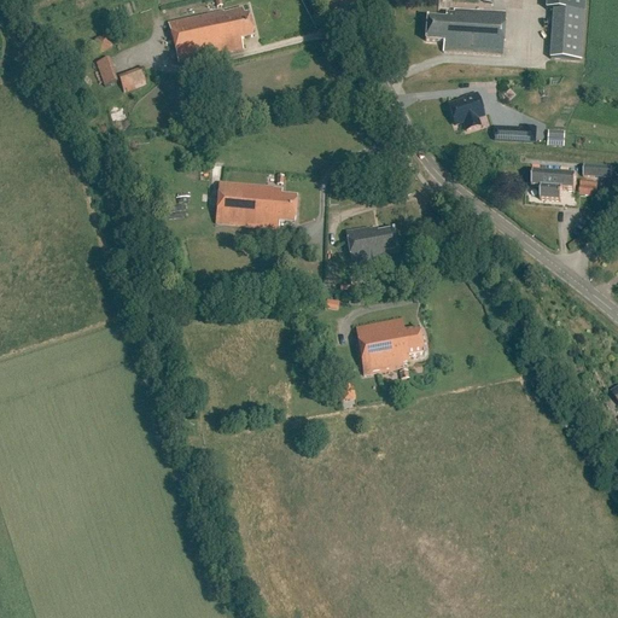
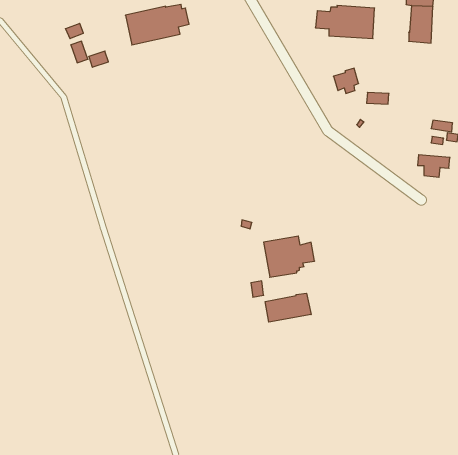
building: [532,169,576,199] -> [418,155,450,177]
building: [215,180,296,227] -> none
building: [345,225,397,262] -> none
building: none -> [265,293,311,322]

